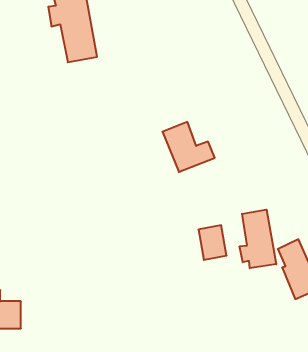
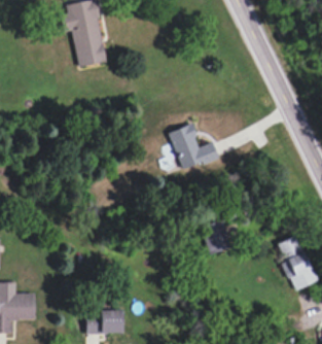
building: [240,210,276,268] -> none
building: none -> [86,312,122,335]

